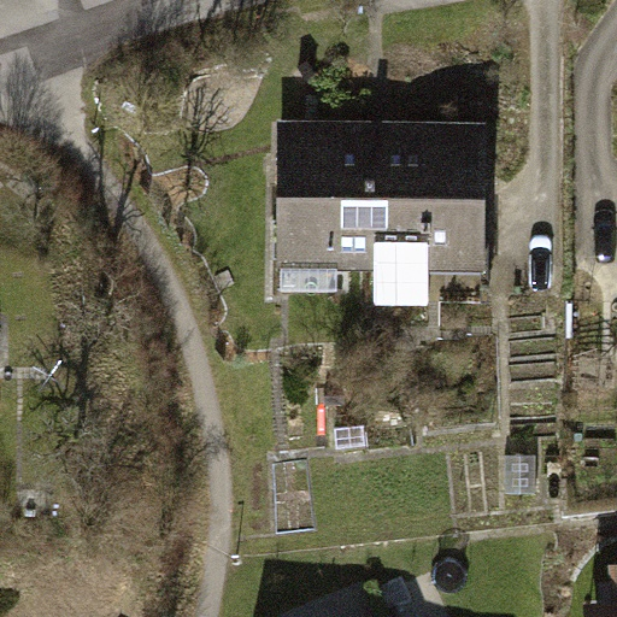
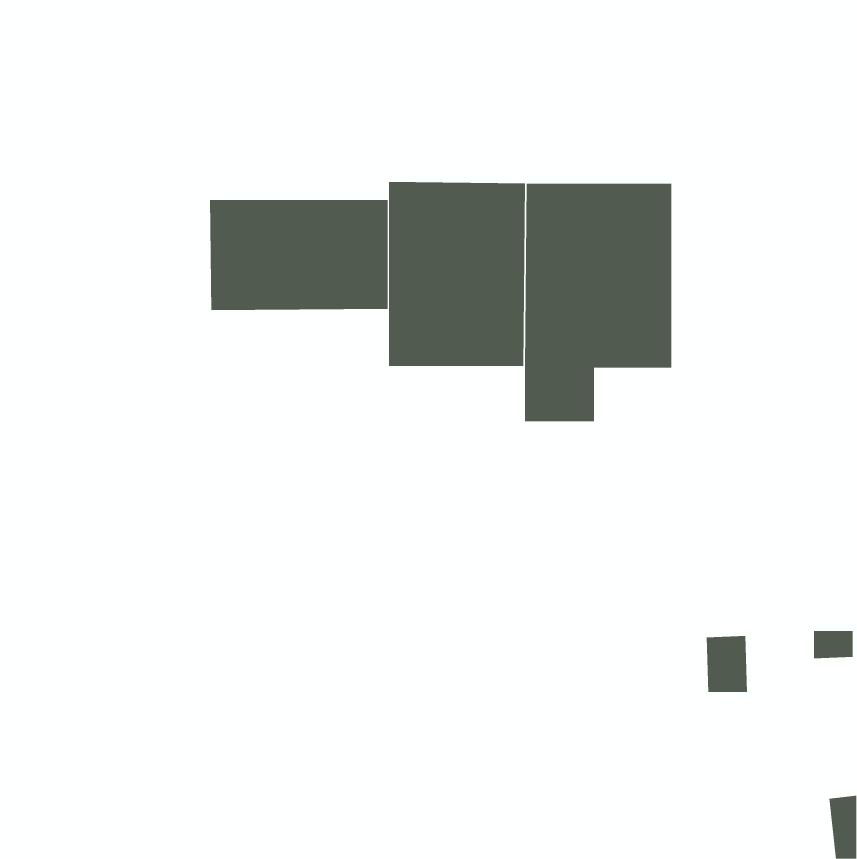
building: none -> [209,199,388,311]

